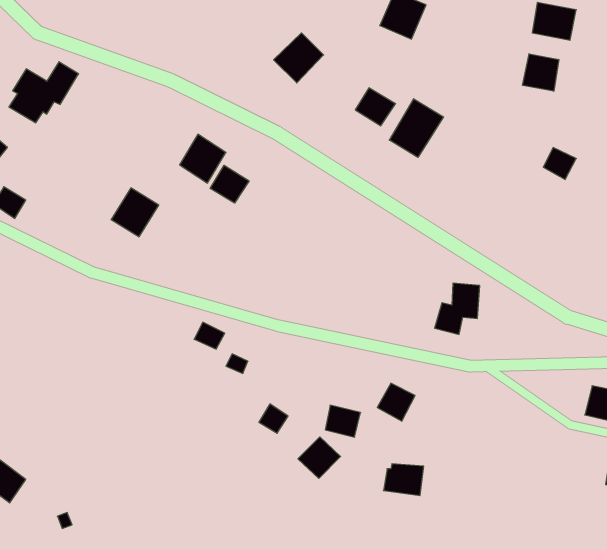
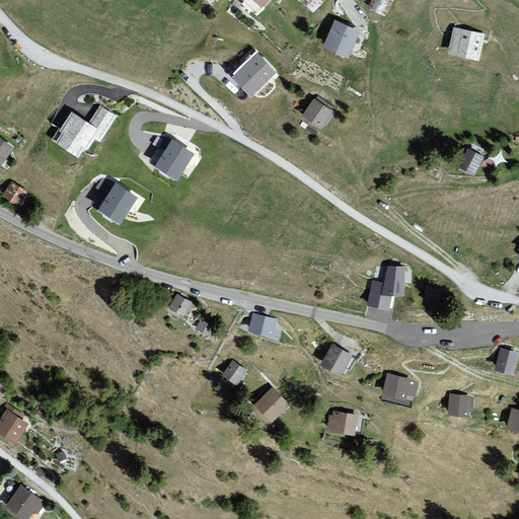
building: [522,54,559,91] -> none
building: [9,62,79,123] -> [57,105,115,156]
building: [389,99,444,157] -> none
building: [210,165,249,203] -> none
building: [325,405,361,437] -> [247,313,277,340]
building: none -> [381,375,410,400]
building: none -> [446,395,470,418]

